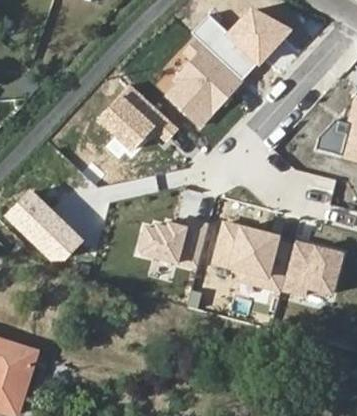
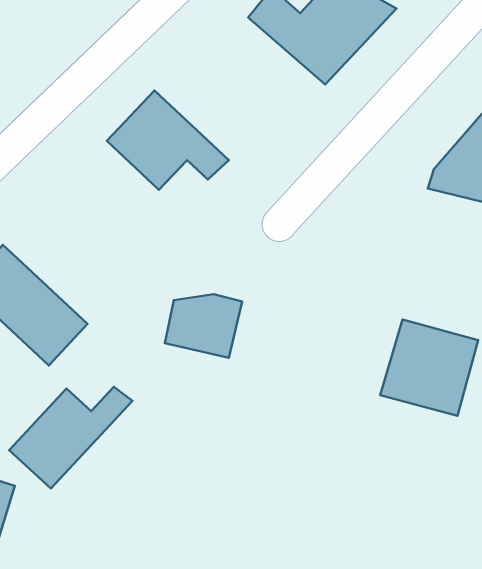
building: [161,36,244,129] -> none
building: [209,218,283,281] -> none
building: none -> [9,387,132,489]

